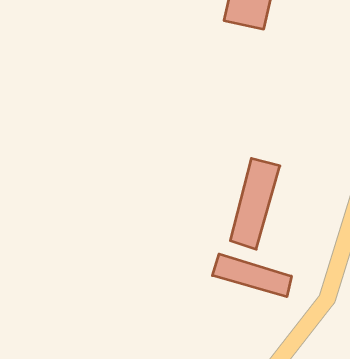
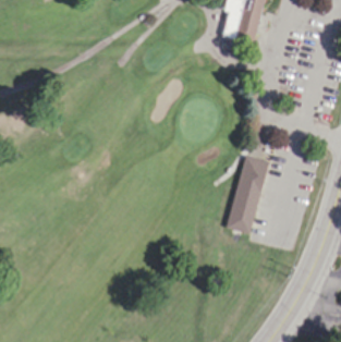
building: [212,254,291,297] -> none

